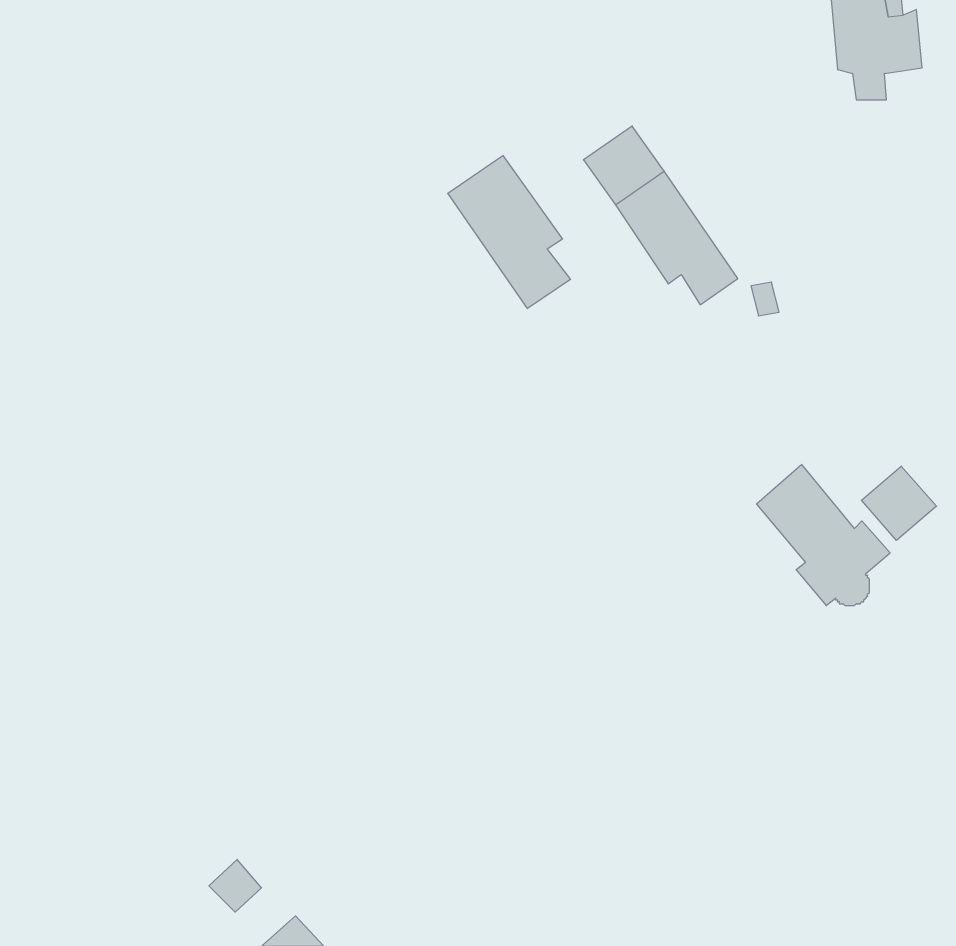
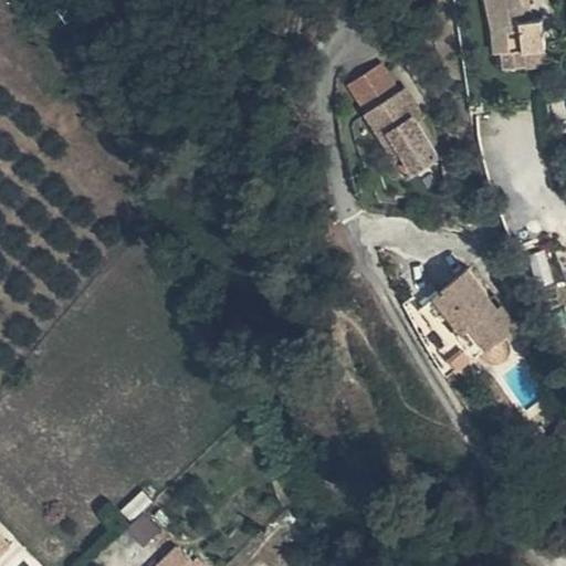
building: [448,156,570,309] -> none
building: [861,466,937,540] -> none

